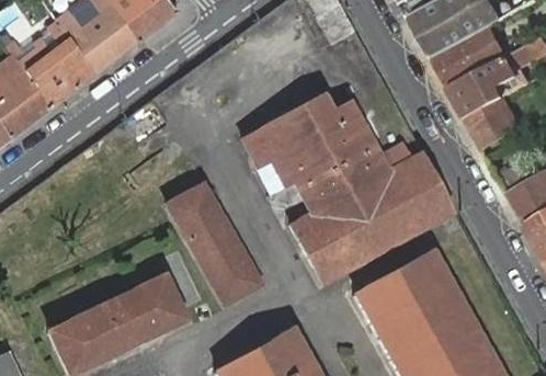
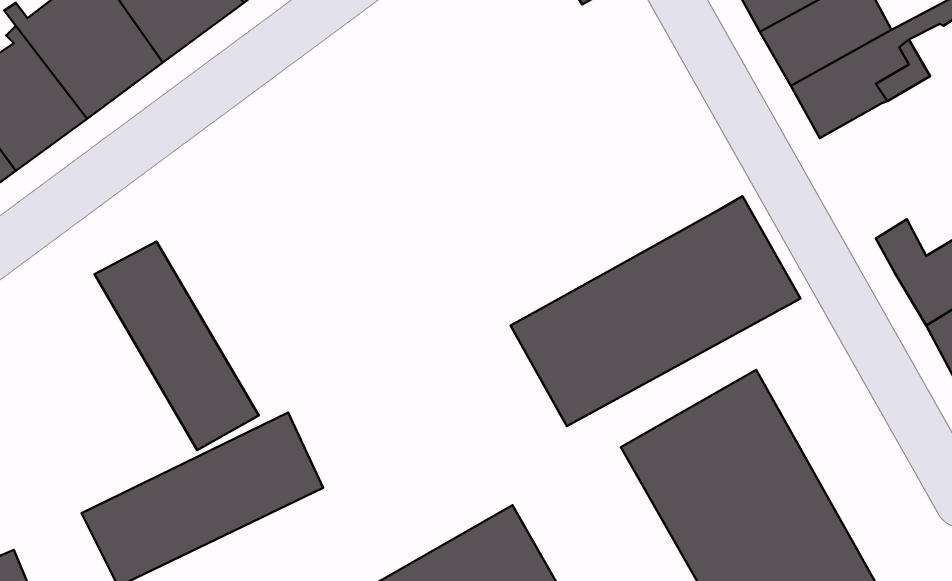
building: [243,95,409,213] -> none
building: [466,99,519,147] -> none
building: [167,185,260,304] -> [95,241,259,450]

